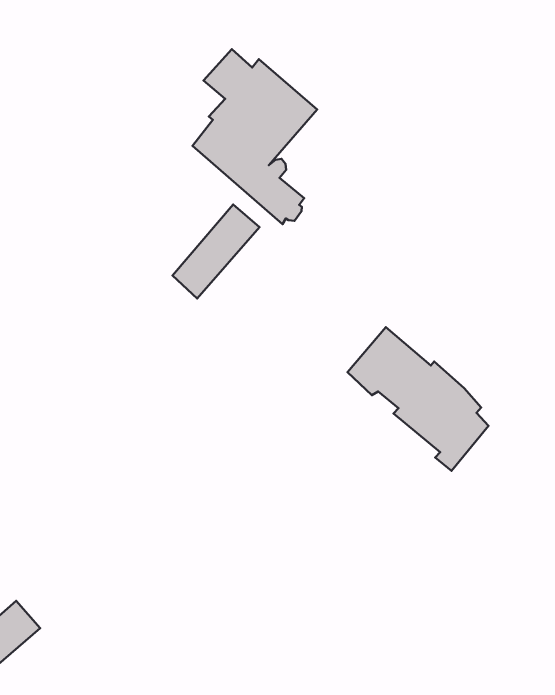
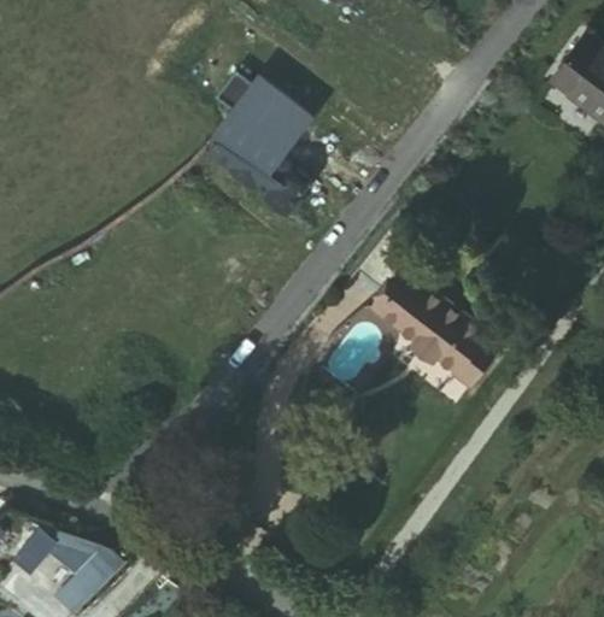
building: [172,205,259,298] -> none

